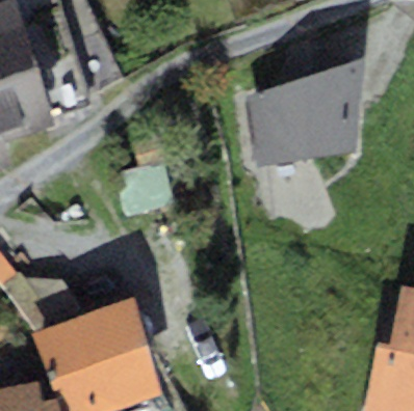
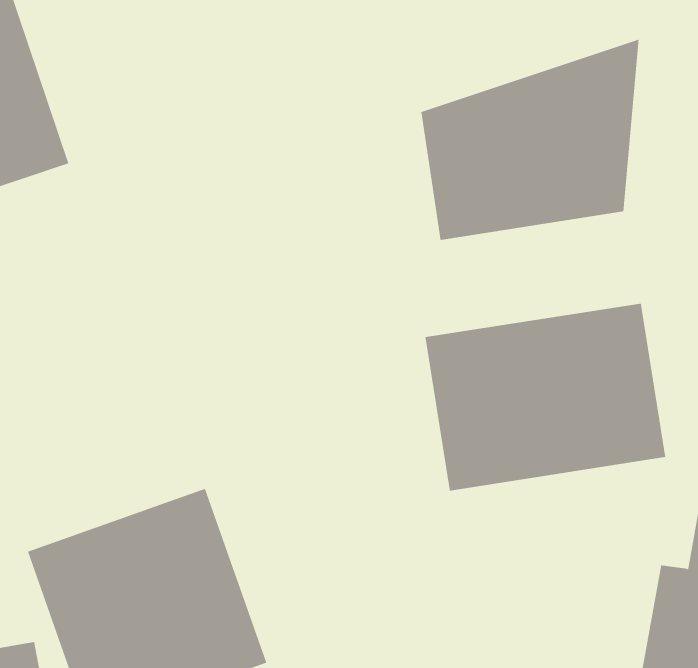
building: none -> [425,303,666,491]

